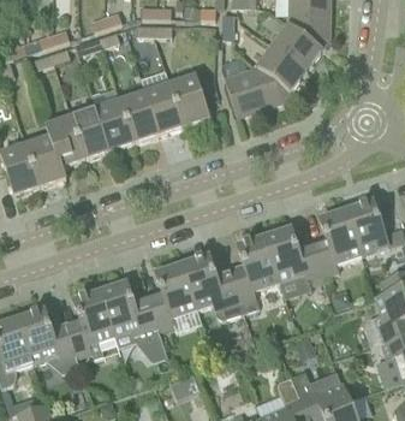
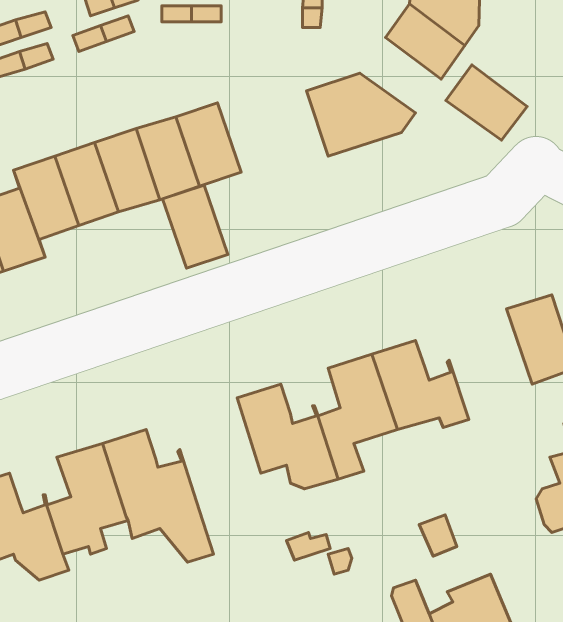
building: [257,43,306,89] -> [446,65,527,140]
building: [171,75,210,125] -> [163,185,228,268]
building: [311,208,362,275] -> none
building: [148,262,197,331] -> none

